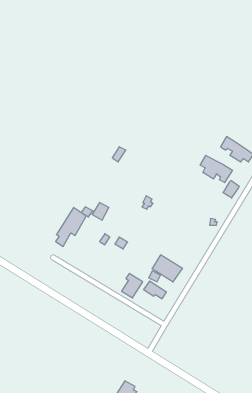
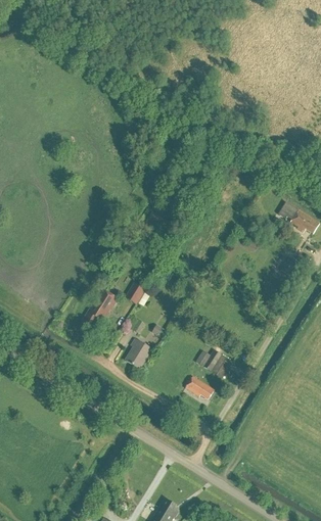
building: [200,155,232,183] -> none
building: [122,273,143,298] -> [127,338,152,368]

